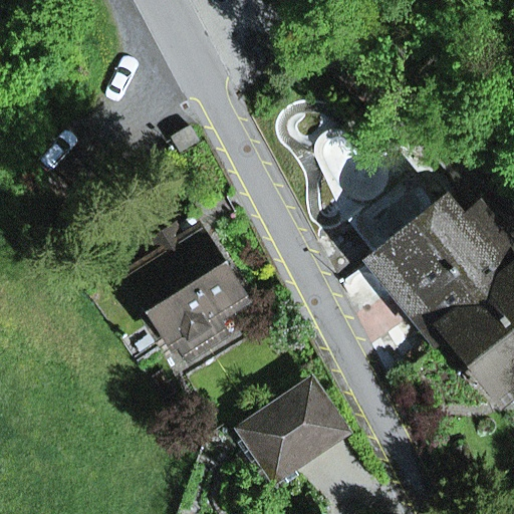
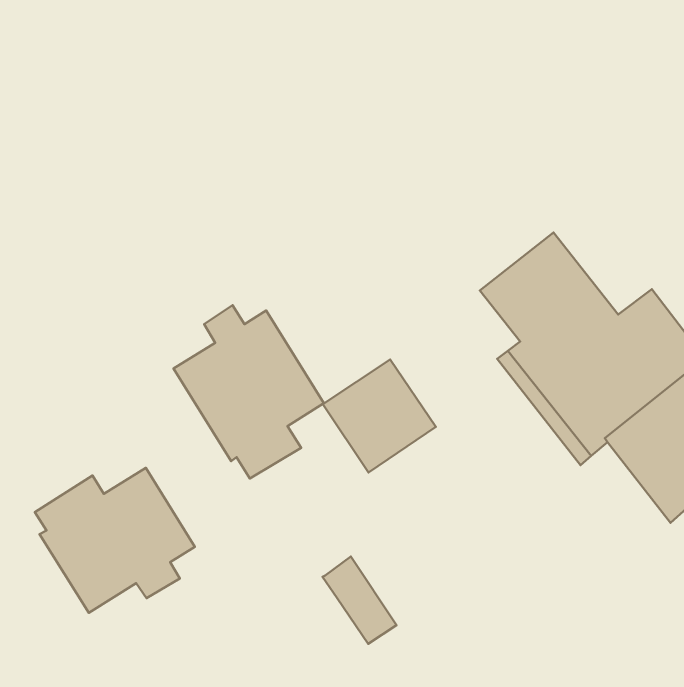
building: none -> [35,468,195,613]
building: [264,382,348,467] -> [323,360,436,473]

